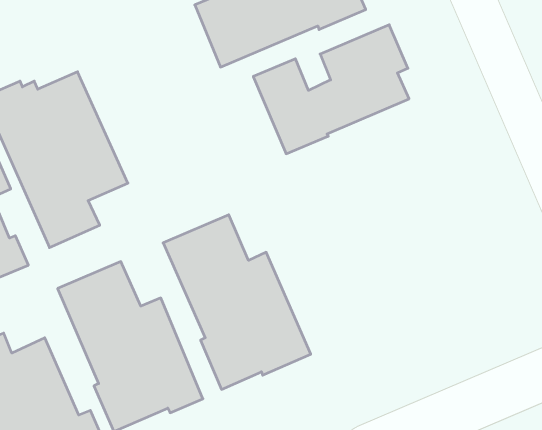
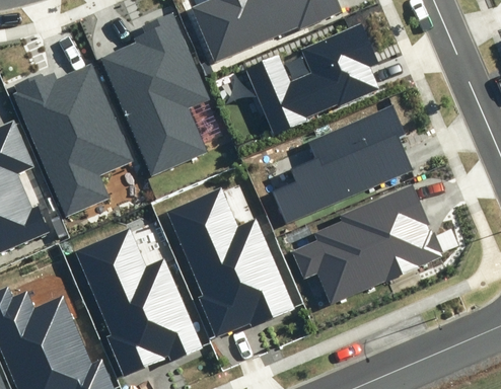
building: none -> [99,14,210,176]
building: none -> [272,104,412,223]
building: none -> [293,184,443,303]

